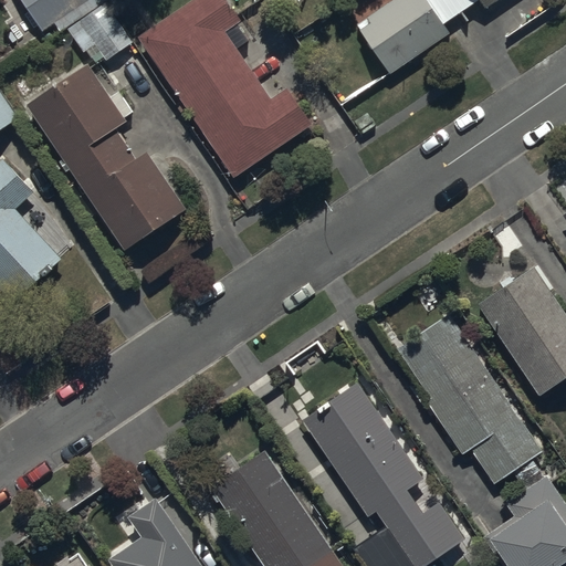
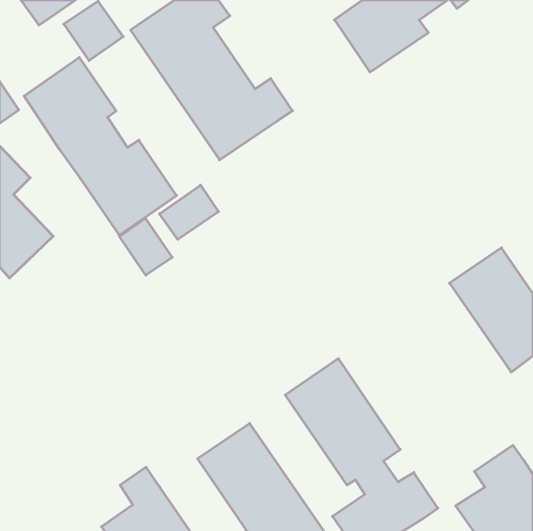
building: none -> [159,185,219,239]
building: none -> [120,218,172,275]
building: [395,312,542,488] -> none

